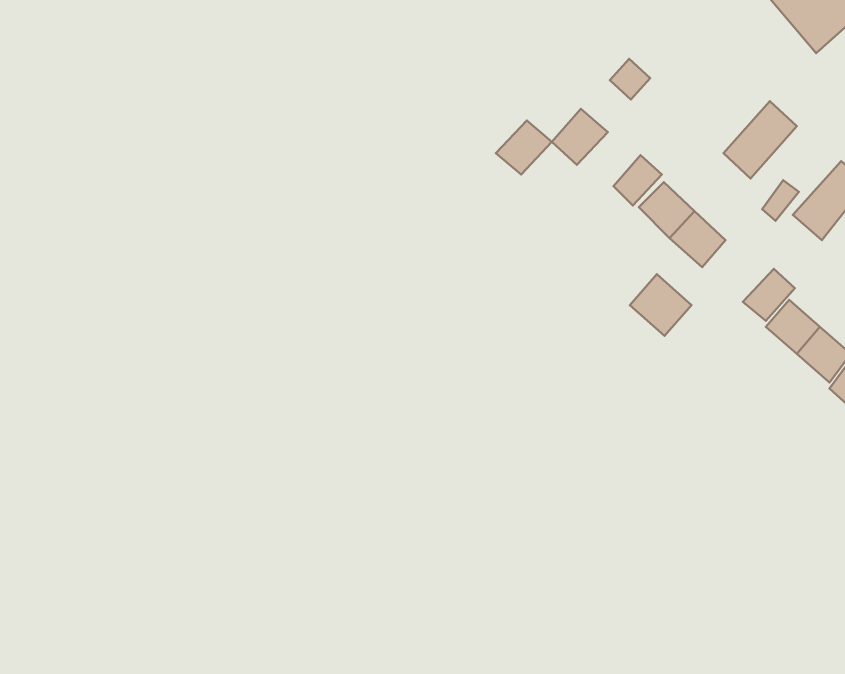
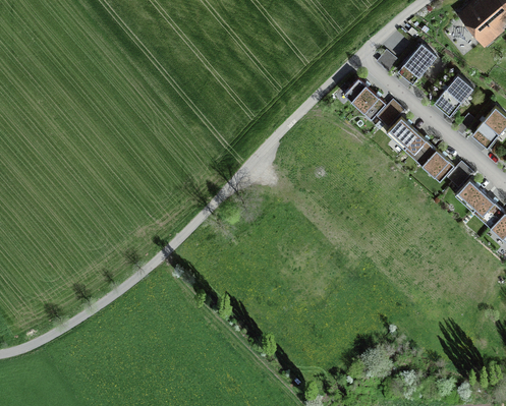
building: none -> [398,44,438,85]
building: [496,121,552,175] -> [357,92,387,120]
building: [630,274,692,336] -> [421,150,454,182]

